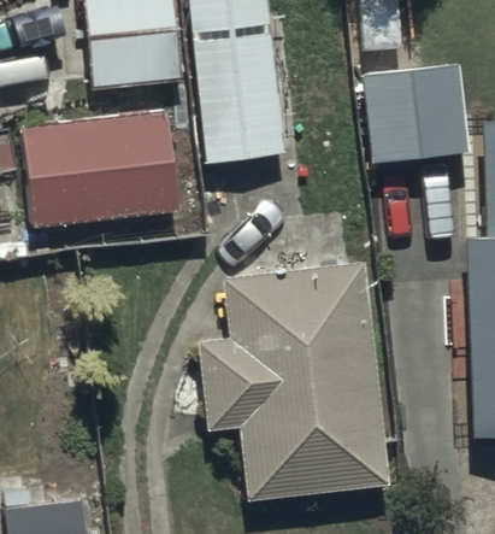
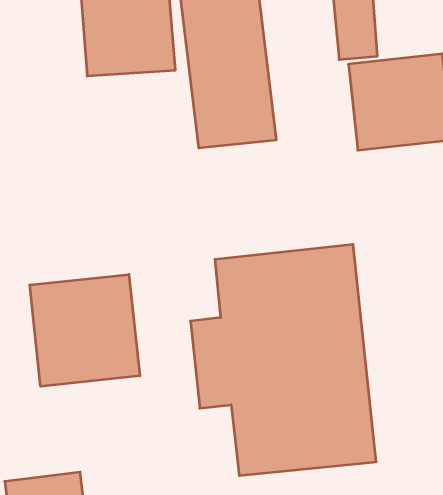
building: [22,111,181,227] -> none
building: none -> [30,274,140,386]

